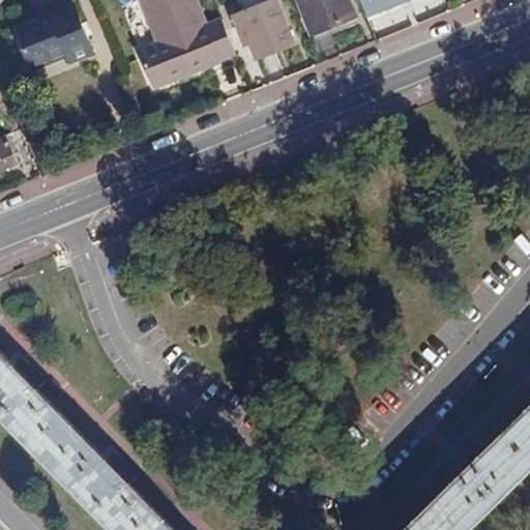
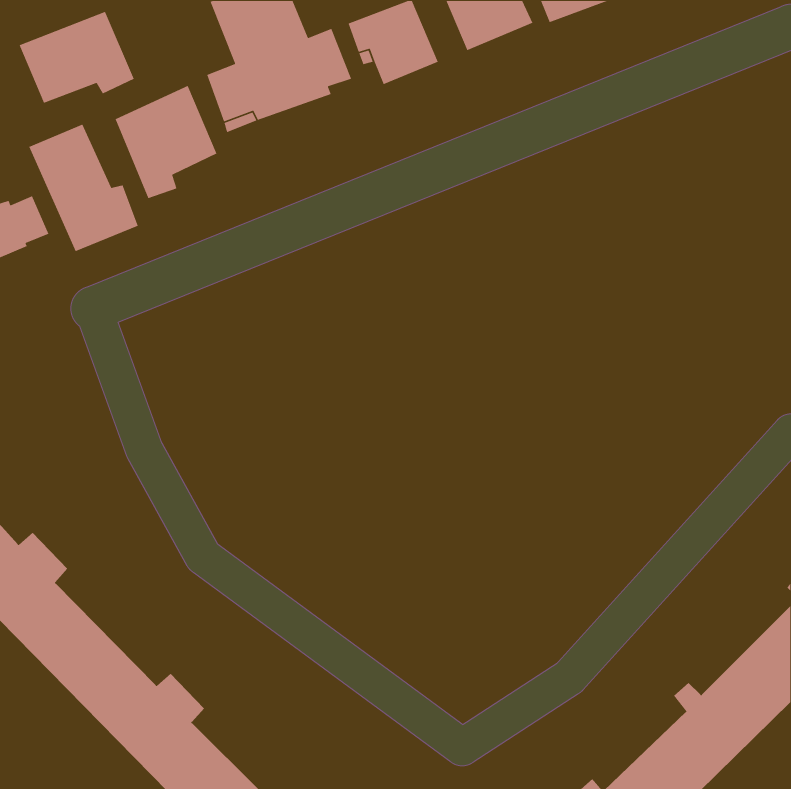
building: none -> [115,85,217,199]
building: none -> [28,124,139,252]

